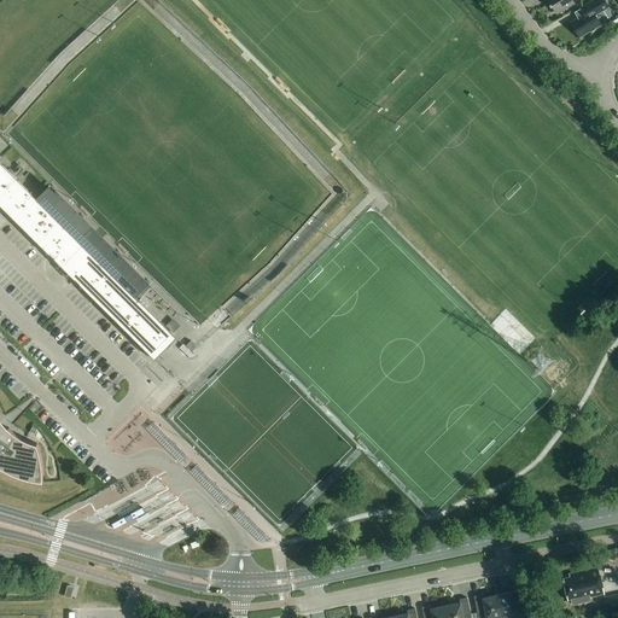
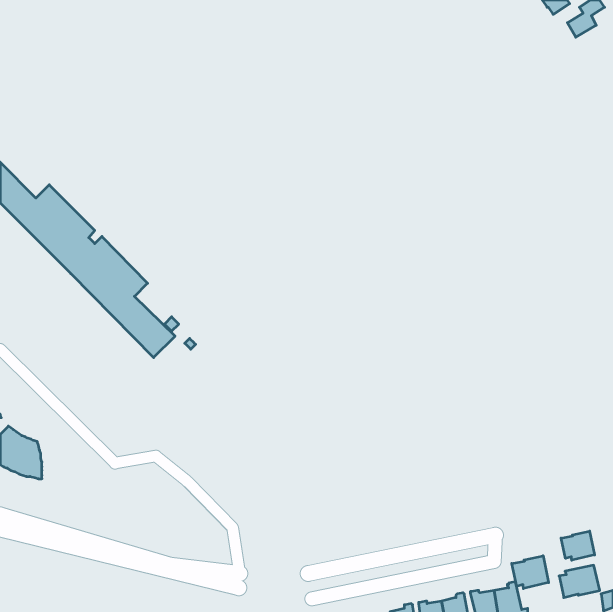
building: none -> [561,531,595,560]
building: none -> [512,556,549,589]

